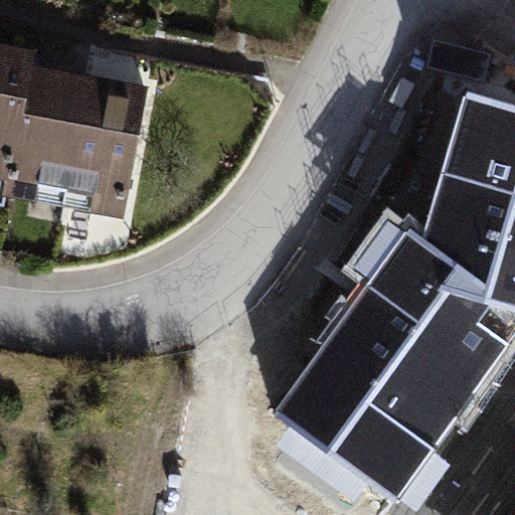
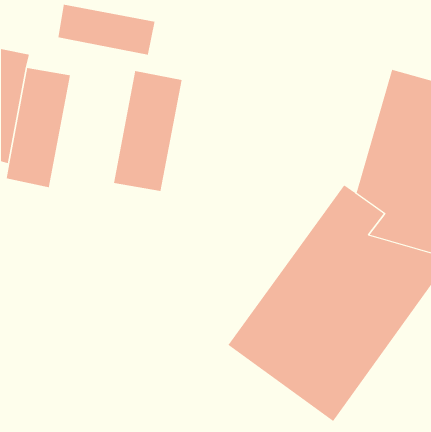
building: none -> [58,4,155,55]
building: [65,89,147,231] -> [113,70,183,192]

